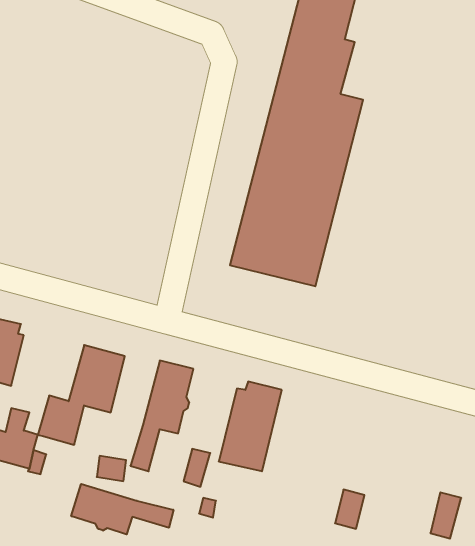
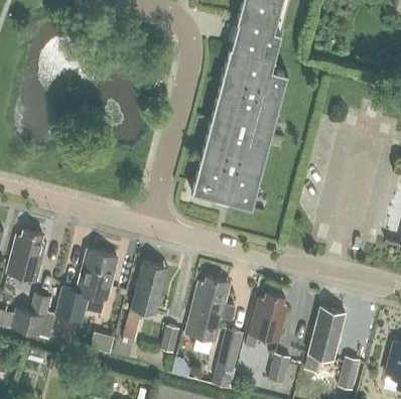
building: none -> [245,294,286,350]
building: none -> [303,308,345,375]
building: none -> [217,329,243,378]
building: [71,484,173,534] -> none

